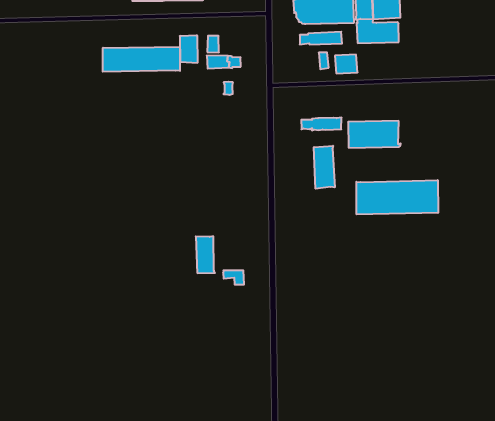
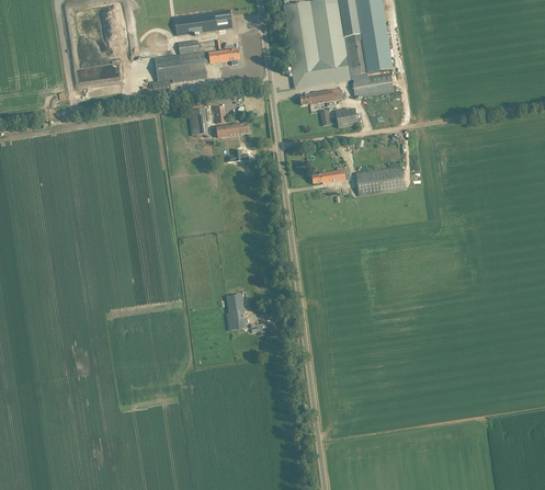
building: [103,47,180,72] -> none
building: [314,146,335,189] -> none
building: [356,180,438,214] -> none

